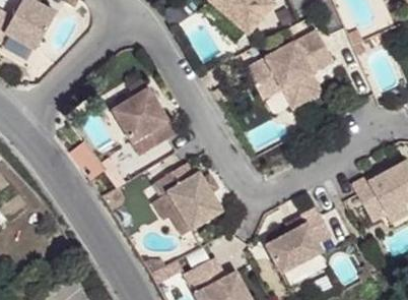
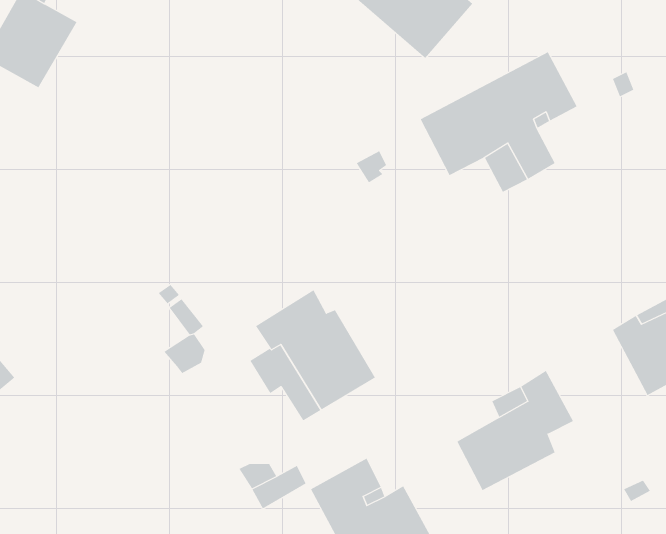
building: [112,78,176,156] -> none

